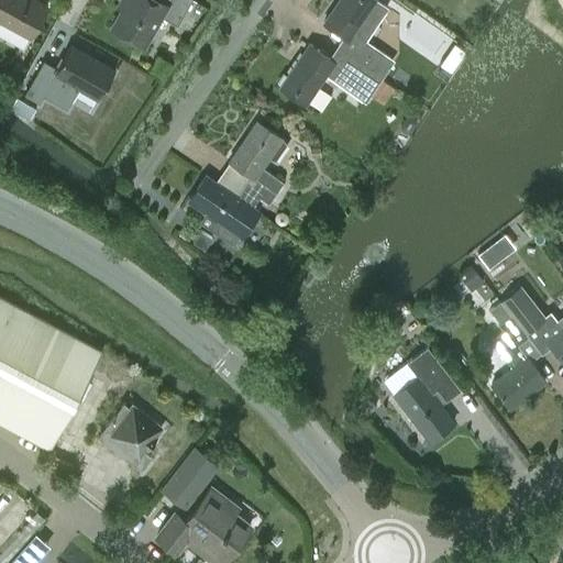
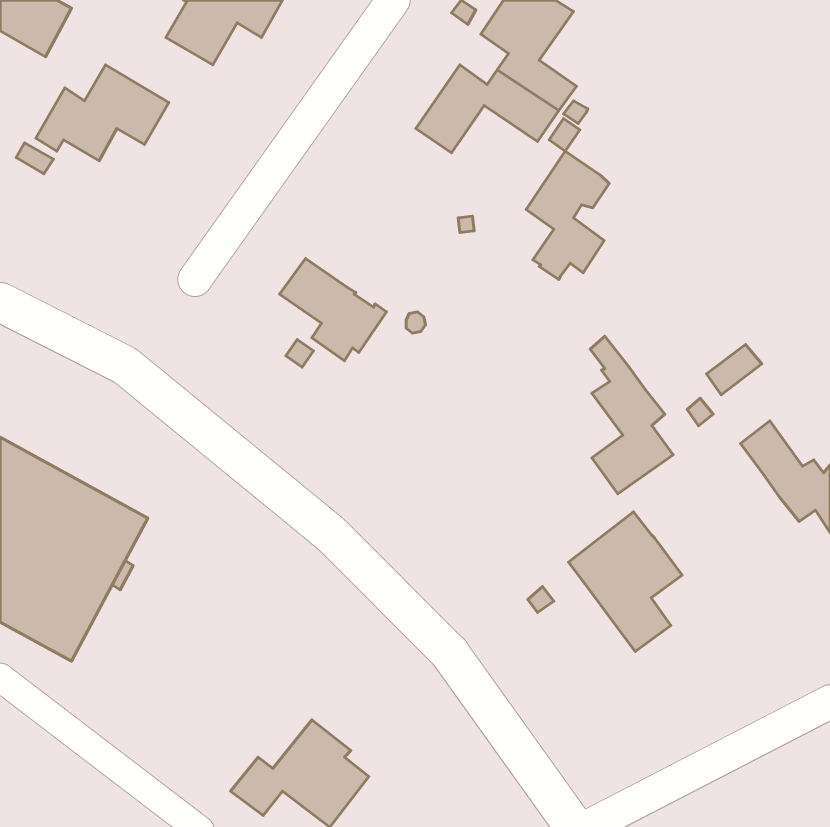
building: [231,123,287,210] -> [526,151,609,279]
building: [490,302,547,409] -> [590,336,673,494]
building: [99,405,162,470] -> none
building: [162,446,221,509] -> none

